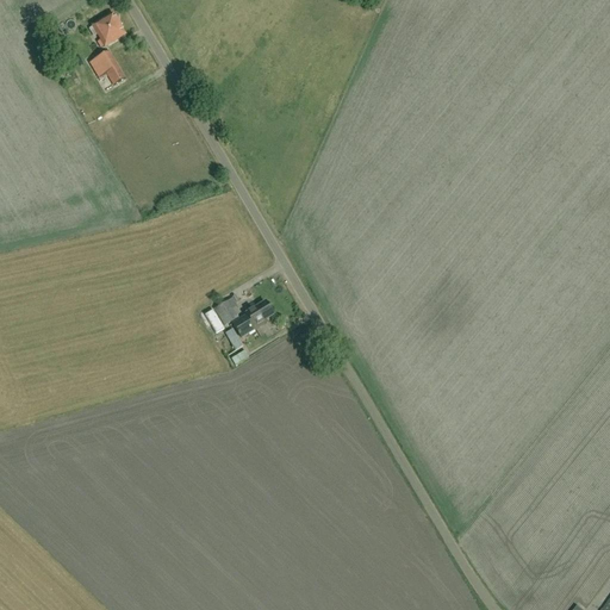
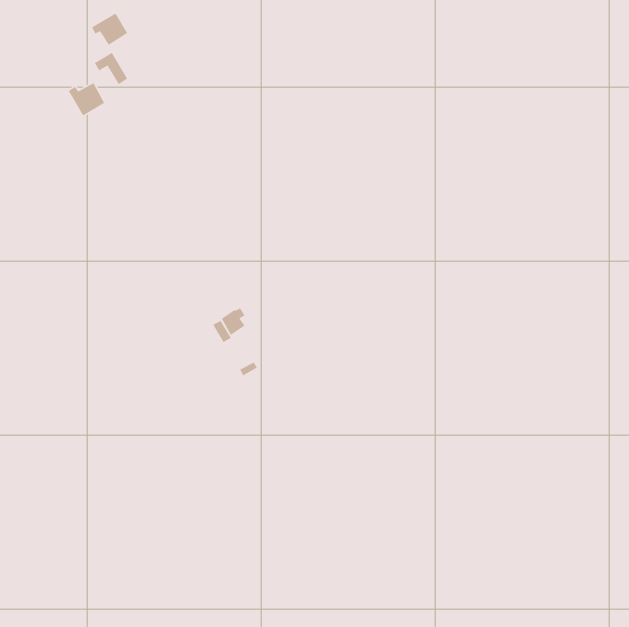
building: none -> [68,82,105,117]
building: [232,301,273,336] -> none

